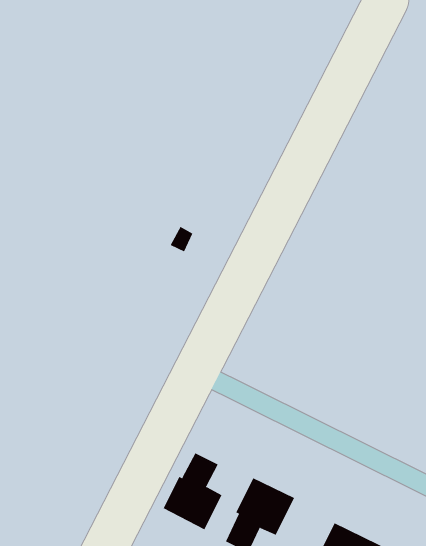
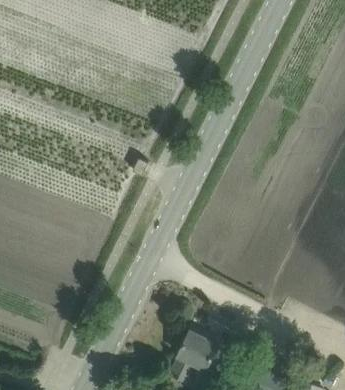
building: [163,452,222,530] -> none

